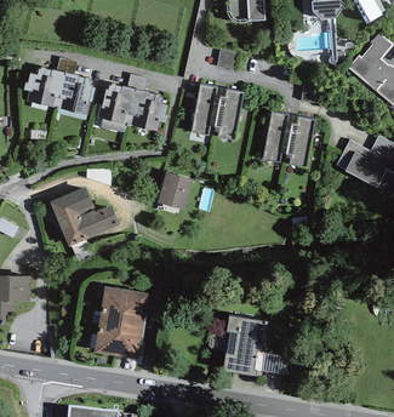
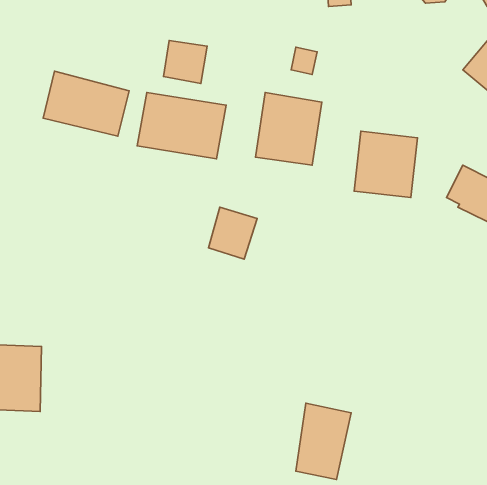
building: none -> [164,40,207,84]
building: [52,192,122,249] -> none
building: [96,287,149,359] -> none

